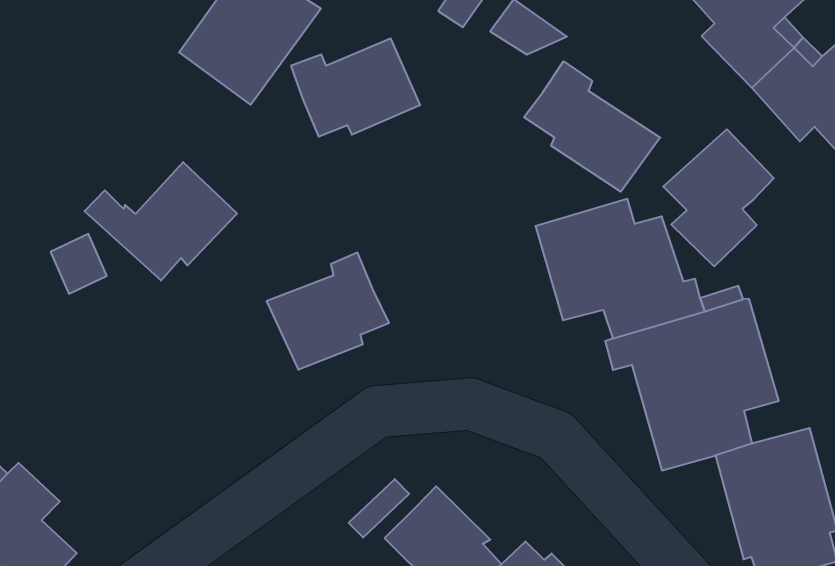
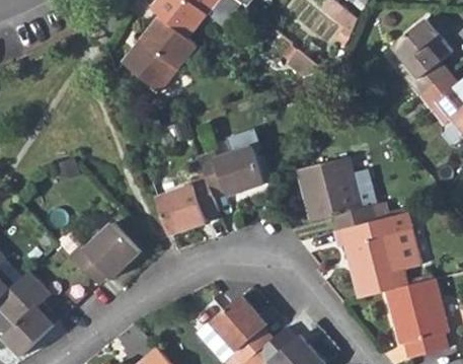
building: [291,38,420,137] -> [202,146,267,195]
building: [524,61,660,192] -> none
building: [663,129,774,266] -> none
building: [84,162,237,281] -> [56,223,135,284]

